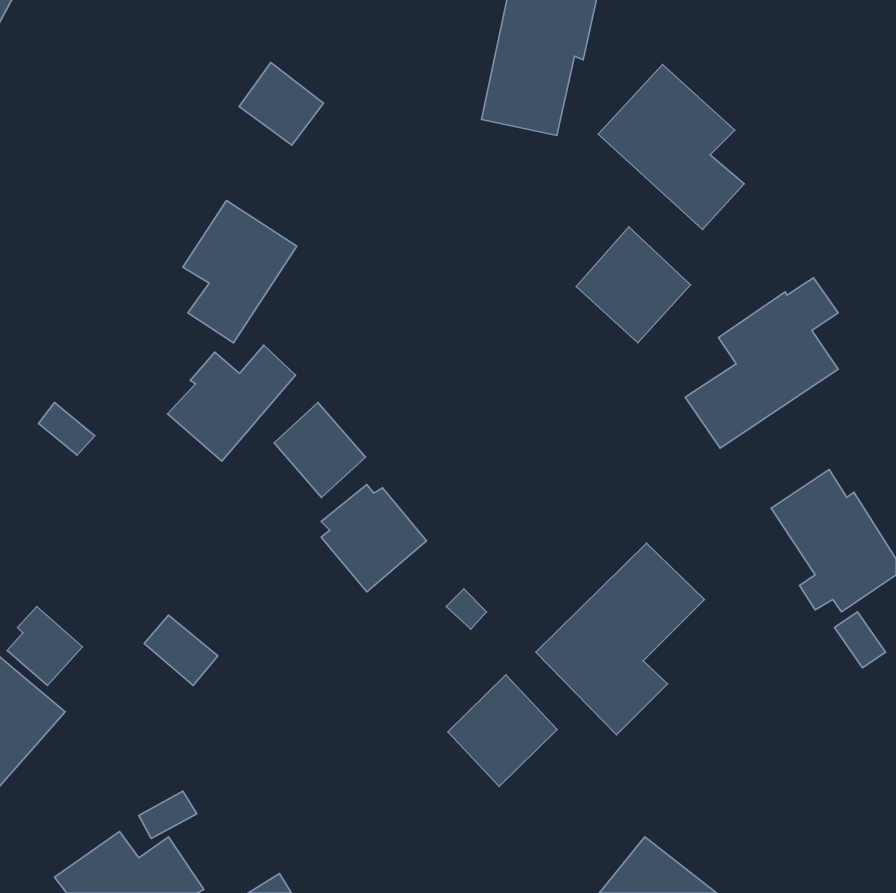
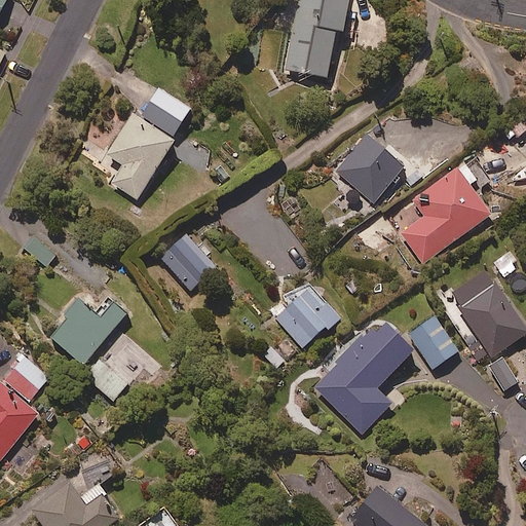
building: [239,63,323,145] -> [141,88,190,137]
building: [598,64,744,230] -> none
building: [167,345,296,461] -> [51,295,126,363]
building: [321,484,427,592] -> [275,286,337,348]
building: none -> [406,317,455,369]
building: [448,675,557,787] -> none

